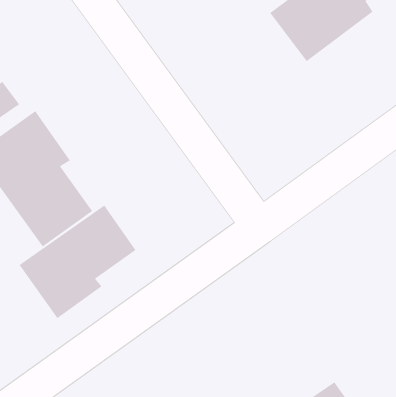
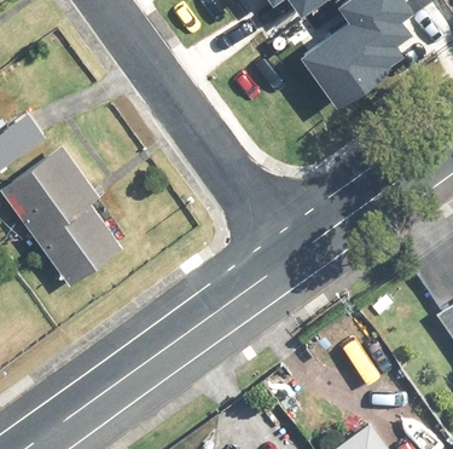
building: [18,204,137,319] -> none

